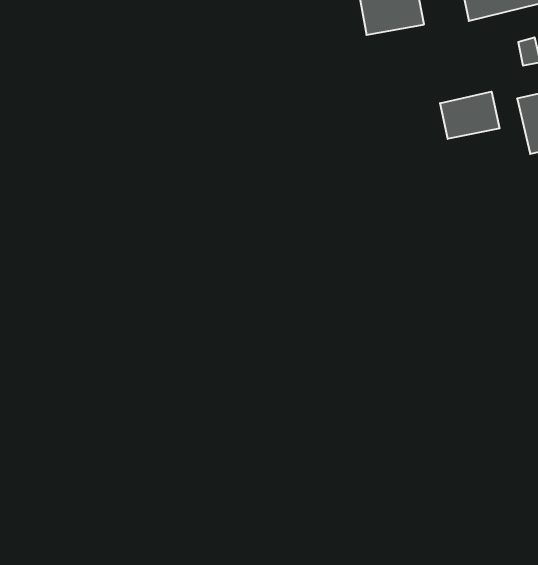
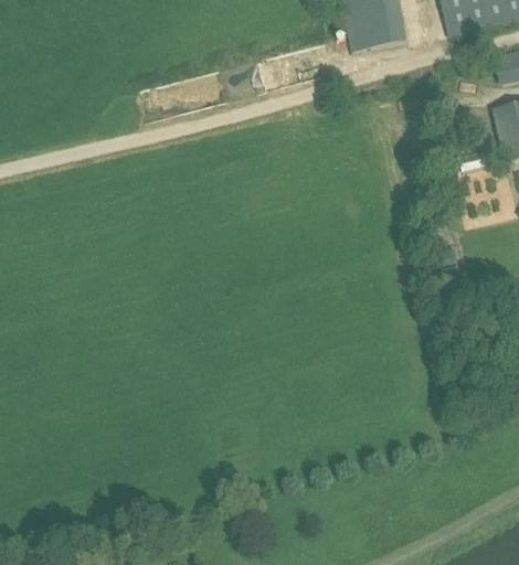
building: [440,92,500,139] -> none

